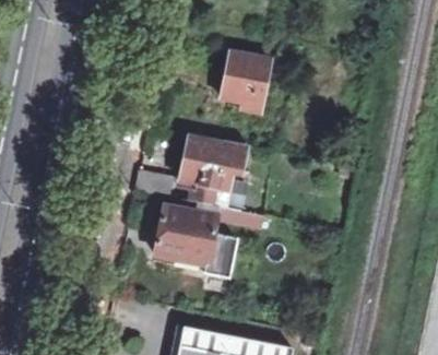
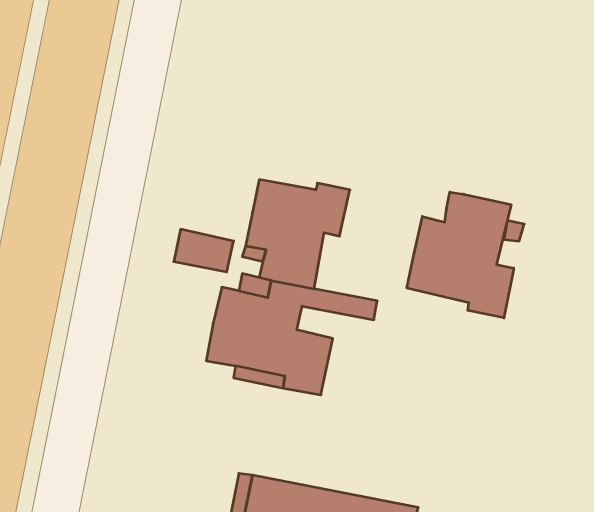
building: [223,51,271,110] -> none
building: none -> [407,192,514,318]

